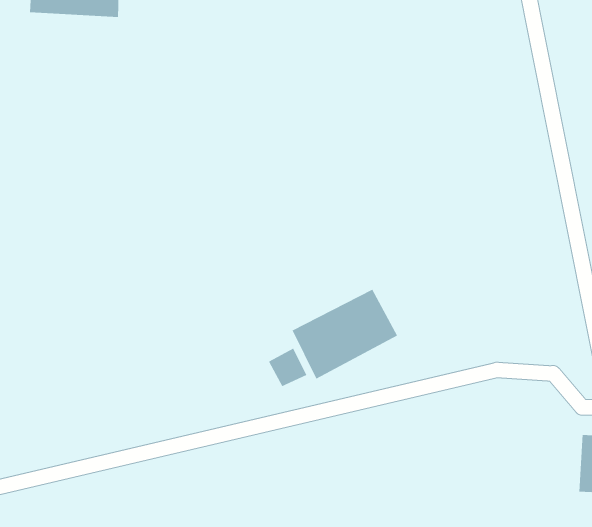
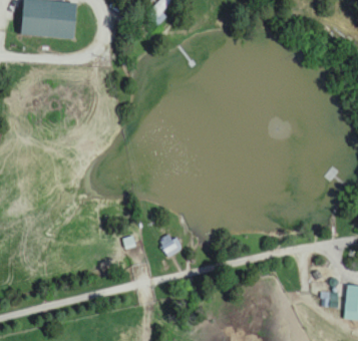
building: [292,289,398,380] -> none

